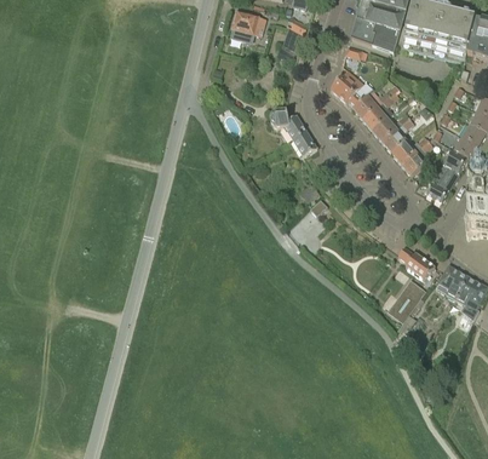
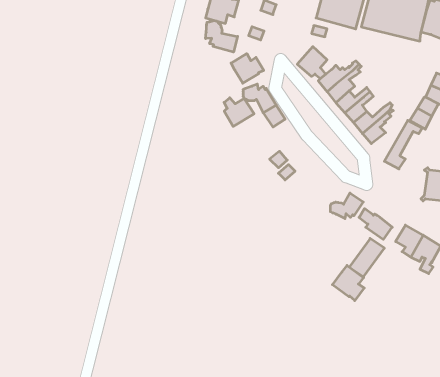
building: none -> [206,21,238,52]
building: none -> [231,54,264,83]
building: none -> [224,98,254,126]
building: none -> [330,193,363,219]
building: none -> [332,265,364,301]

